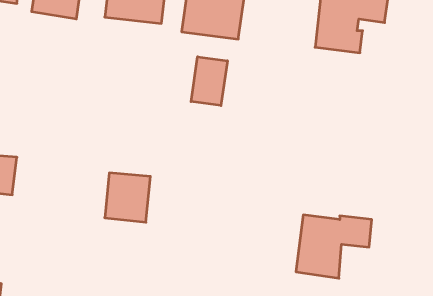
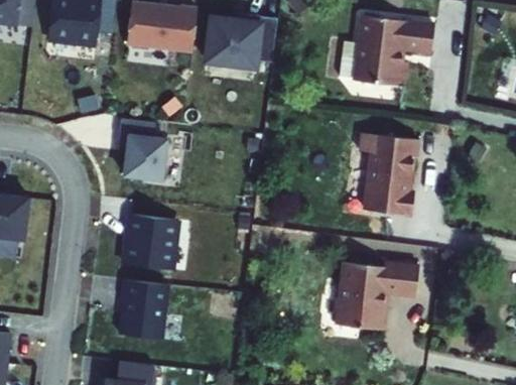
building: [191,57,227,106] -> none
building: none -> [361,133,418,216]
building: none -> [124,136,166,180]
building: none -> [119,281,167,338]

